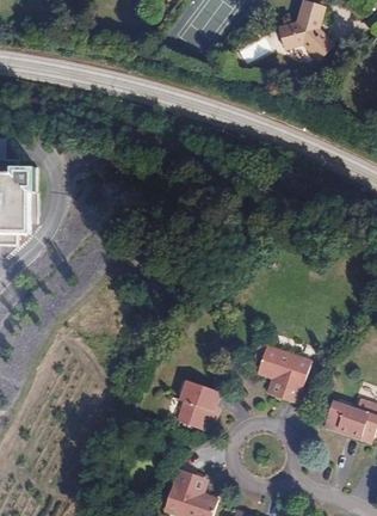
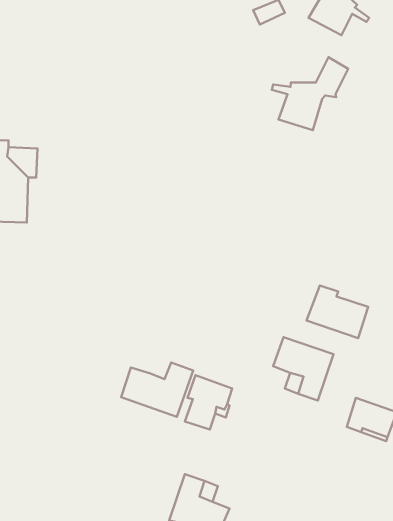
building: none -> [272,57,348,130]
building: none -> [307,285,368,338]
building: none -> [121,362,193,417]

